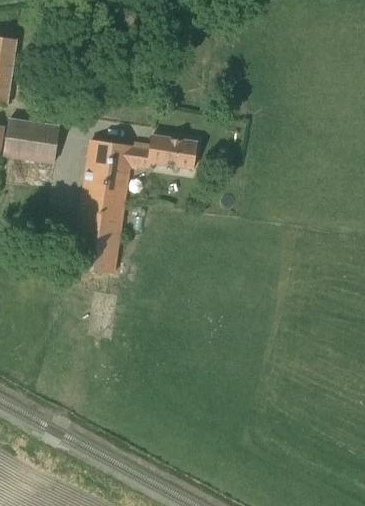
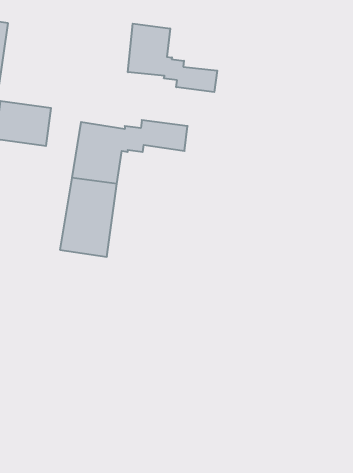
building: none -> [128,24,217,92]

